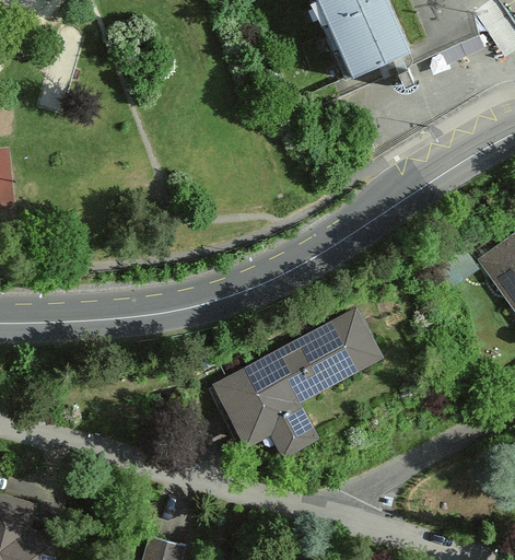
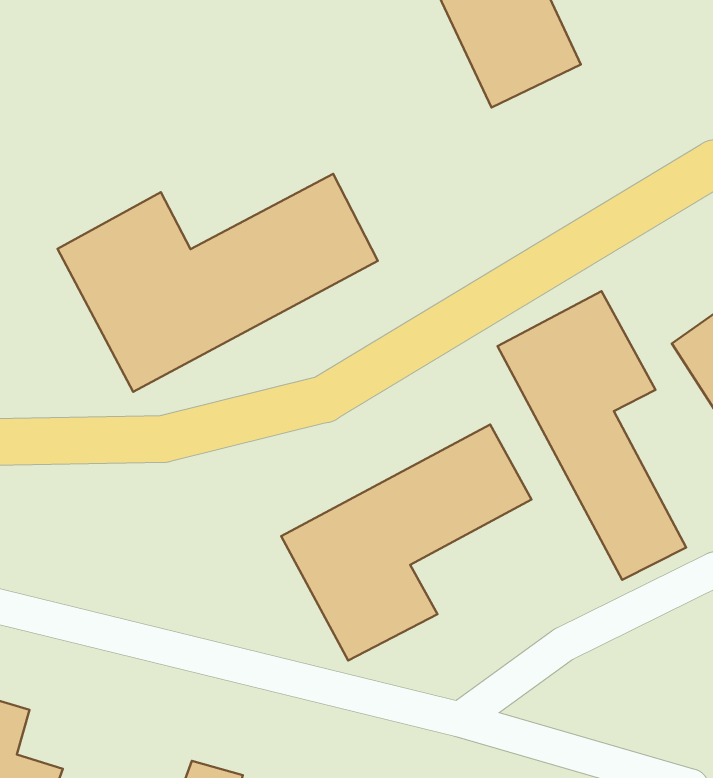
building: none -> [57,174,378,392]
building: none -> [497,291,686,580]

